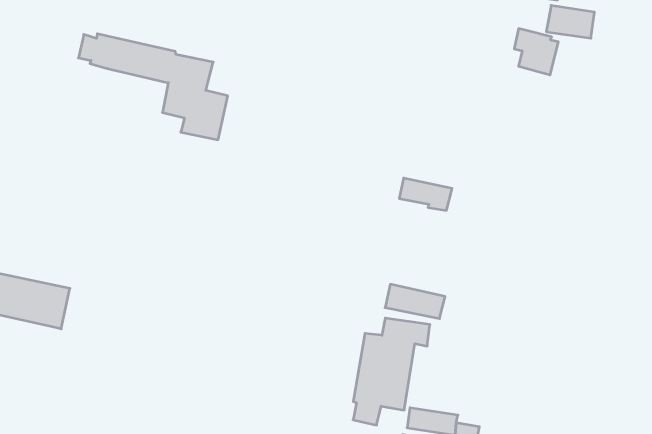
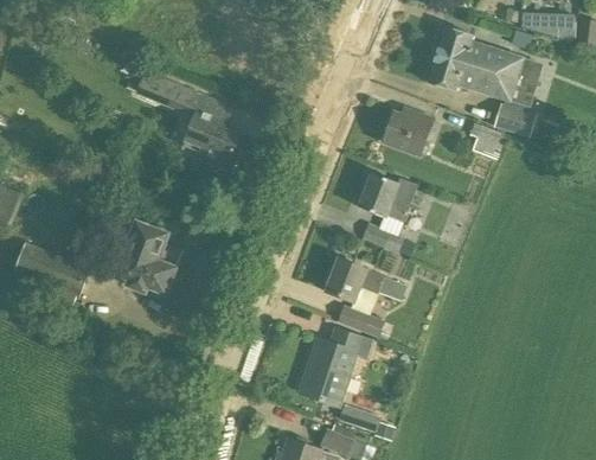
building: none -> [384,108,432,153]
building: none -> [359,171,417,219]
building: none -> [118,222,180,289]
building: none -> [326,257,406,300]

